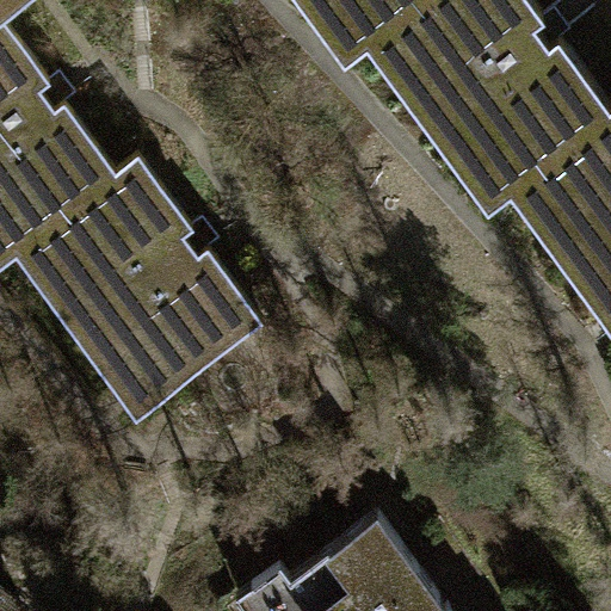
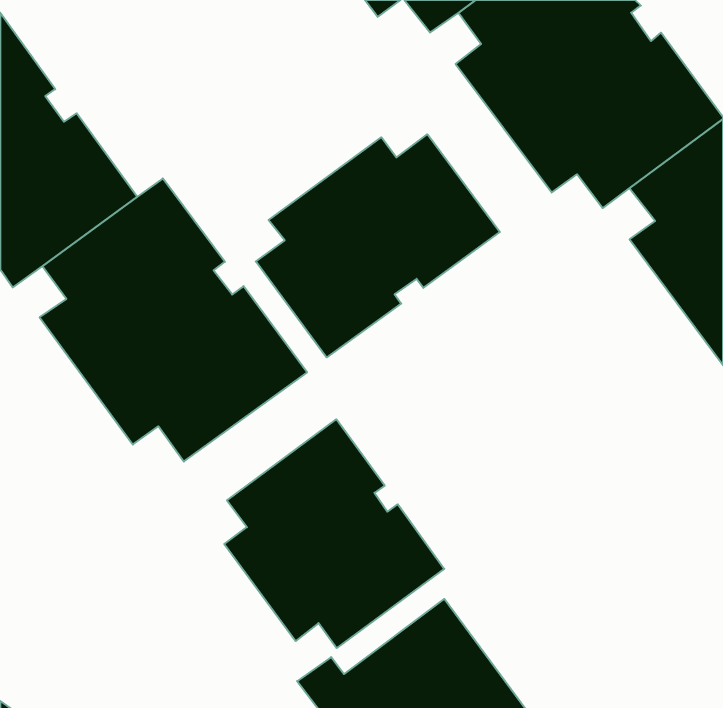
building: none -> [256,134,500,357]
building: none -> [224,419,444,648]

